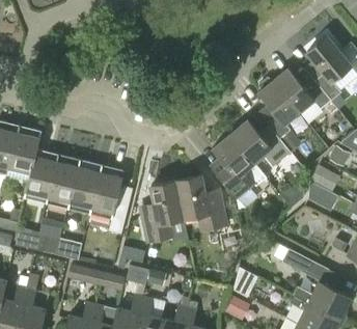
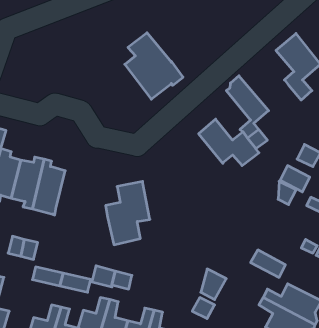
building: [270,67,331,111] -> none
building: [209,134,266,199] -> [125,33,183,99]
building: [89,167,132,234] -> none
building: [175,175,225,230] -> none

